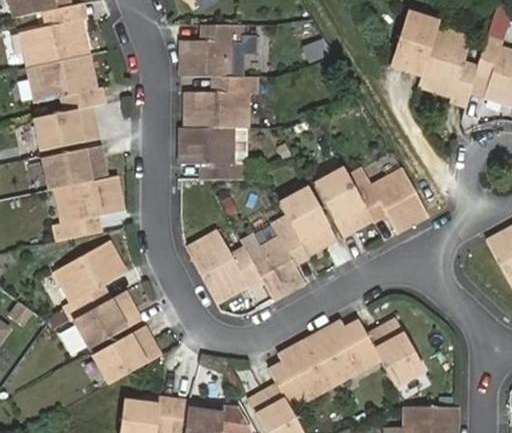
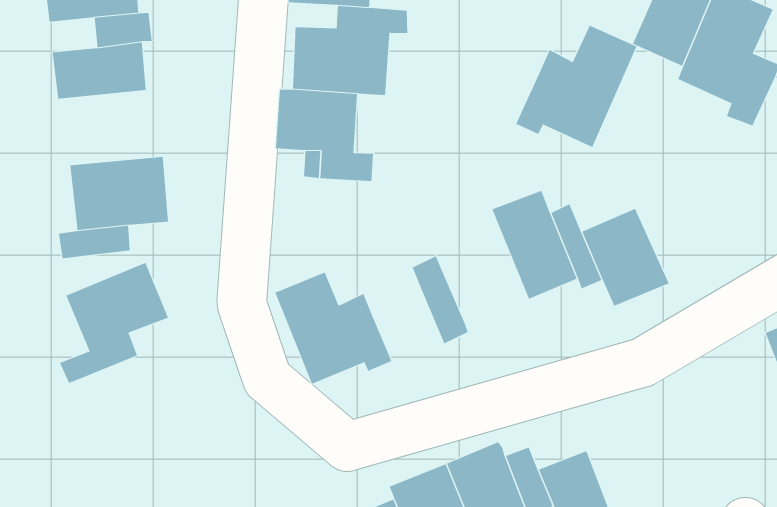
building: none -> [515,25,637,148]
building: [48,145,110,188] -> none
building: [281,187,338,254] -> none
building: [252,237,308,299] -> none
building: [76,289,142,345] -> none
building: [93,324,162,383] -> none

